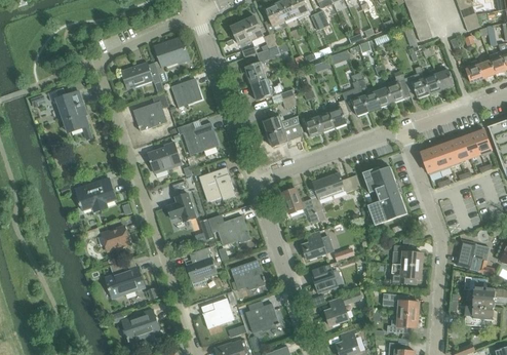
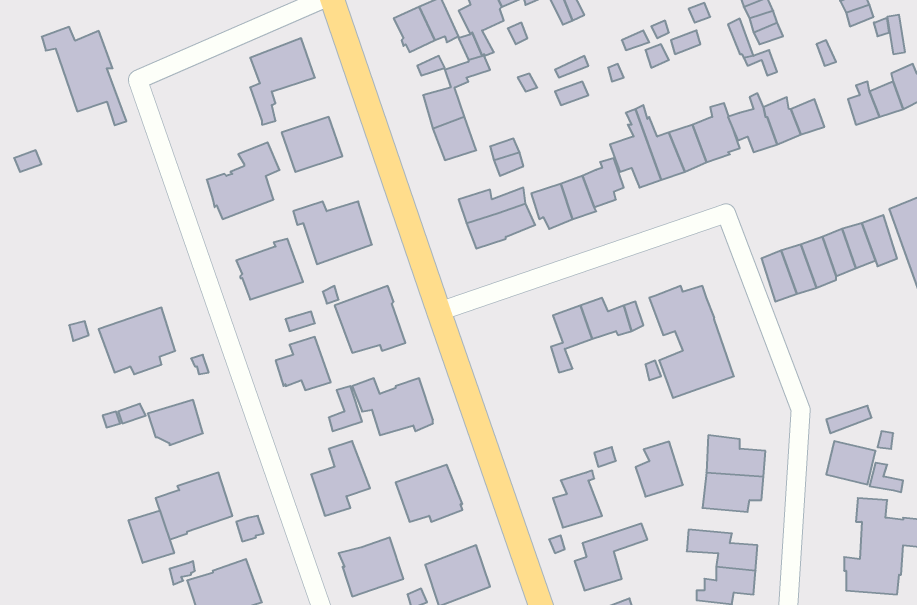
building: [120,62,160,89] -> none
building: [48,88,92,140] -> [42,27,126,125]
building: [281,188,319,224] -> none
building: [301,231,325,260] -> [636,442,683,497]
building: none -> [129,510,174,563]

